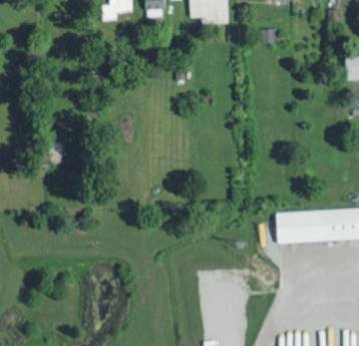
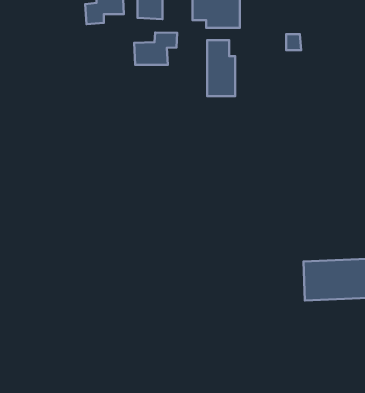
building: none -> [134,33,177,65]
building: none -> [207,40,235,96]

